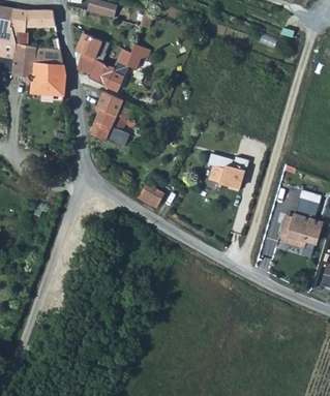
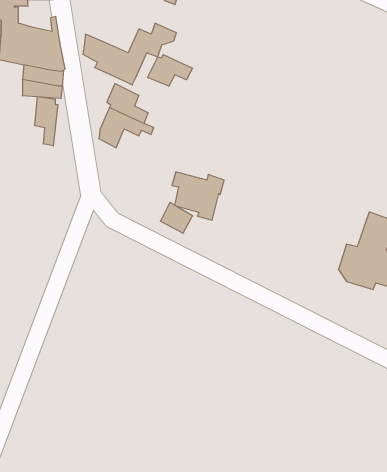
building: [76,32,102,59] -> none
building: none -> [148,55,193,86]
building: none -> [35,97,58,146]
building: [208,155,248,192] -> [172,172,224,220]

